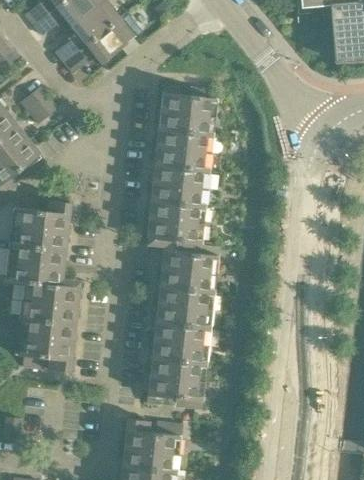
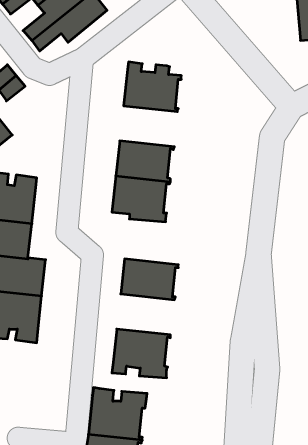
building: [153,130,212,172] -> none
building: [158,246,217,293] -> none
building: [150,323,209,365] -> none

